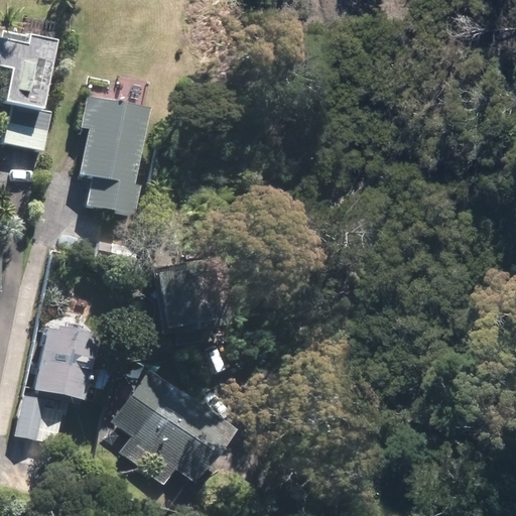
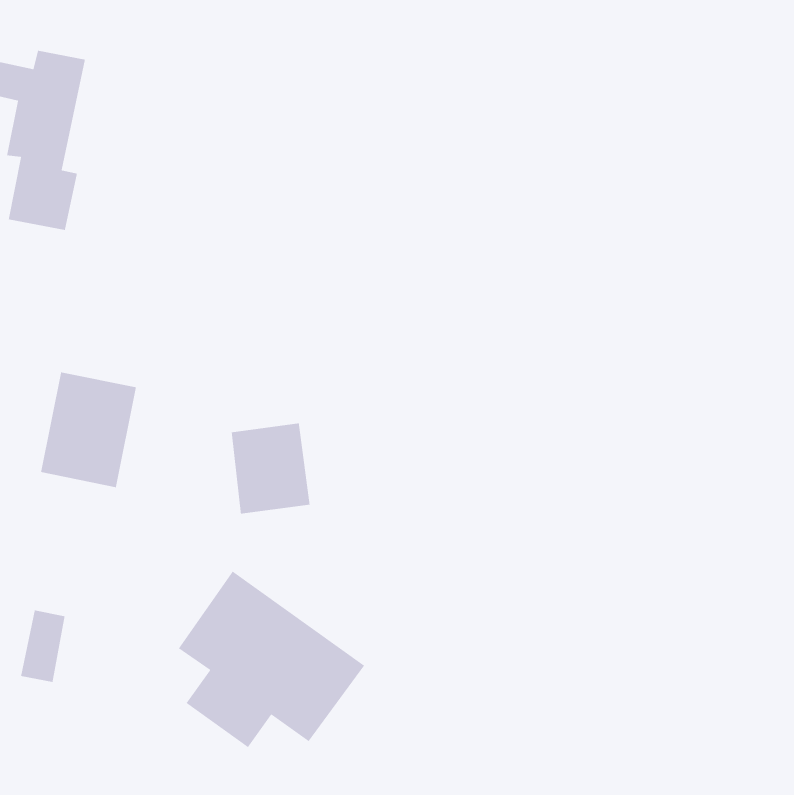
building: [81,96,150,214] -> none
building: [34,324,97,399] -> [40,371,137,488]

